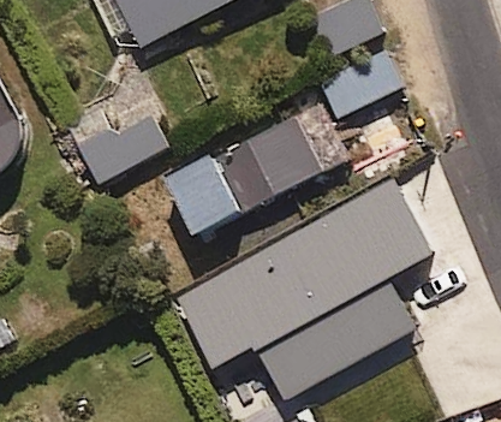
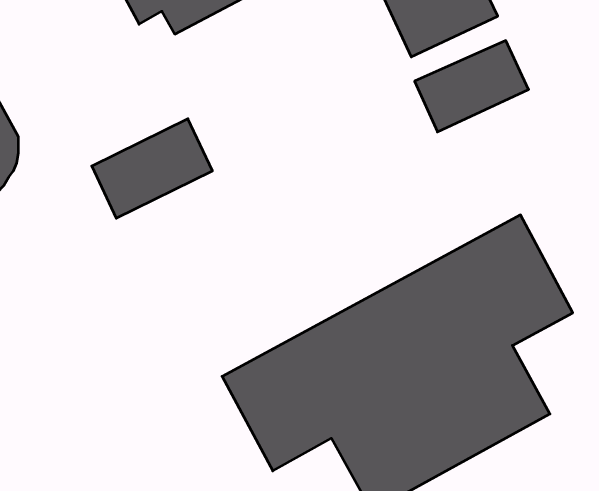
building: [169,118,318,232] -> none

